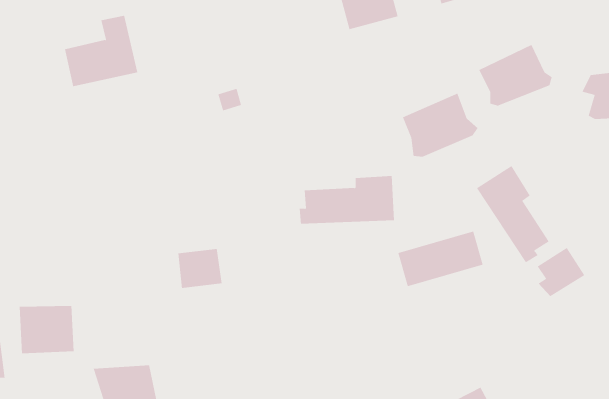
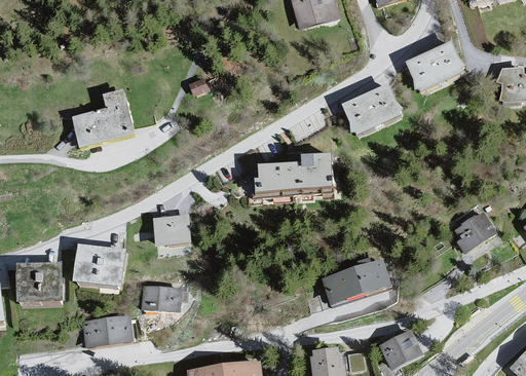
building: [64,15,138,87] -> [72,88,135,149]
building: [476,165,550,263] -> none
building: [397,231,483,287] -> [321,260,393,307]
building: none -> [74,245,125,288]
building: none -> [138,286,180,314]

